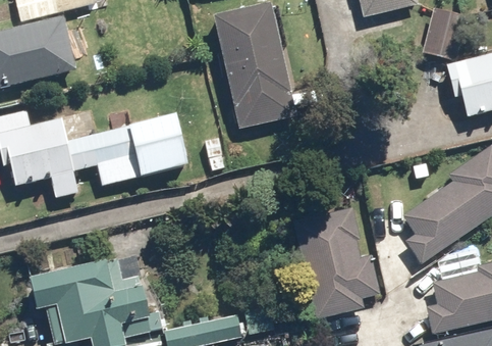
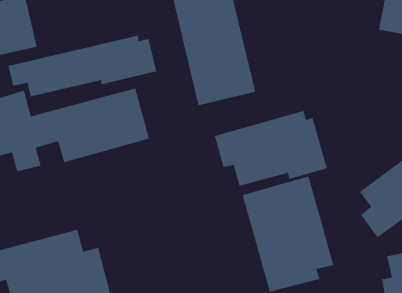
building: none -> [8,35,157,97]
building: none -> [214,110,327,187]

